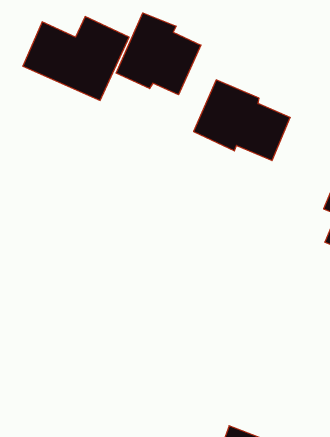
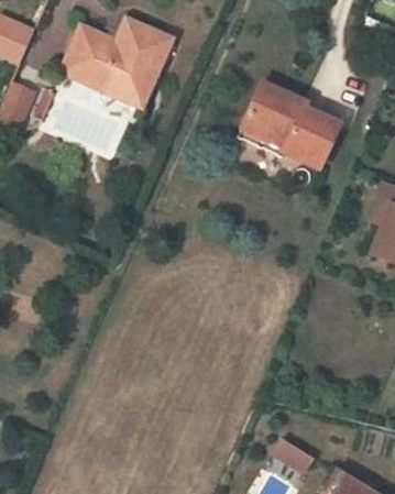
building: [116,13,201,95] -> none

